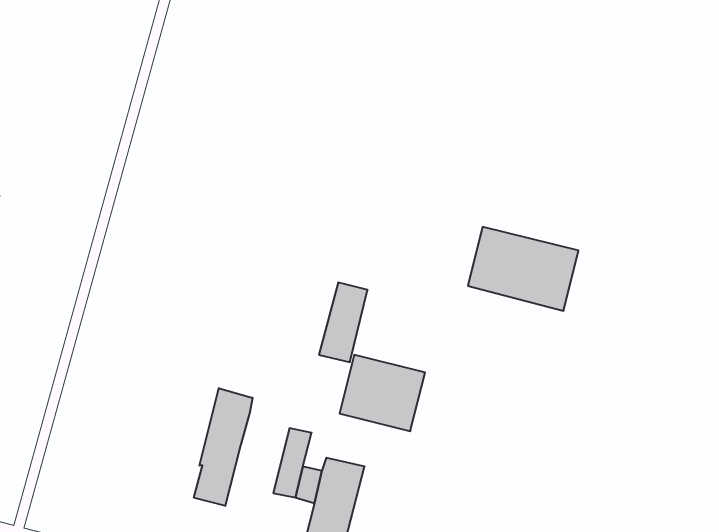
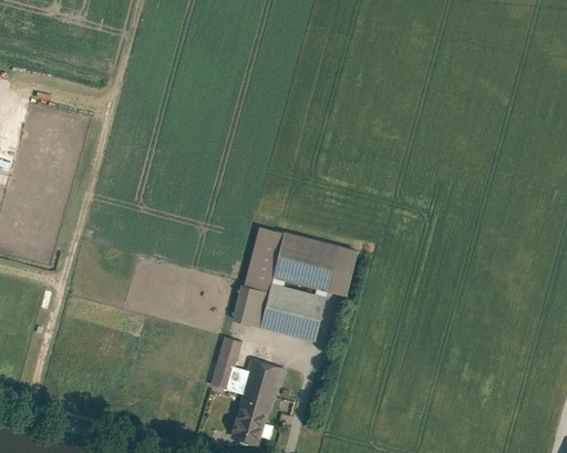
building: [468,227,578,311] -> [274,234,357,297]
building: none -> [233,286,267,328]
building: [194,388,253,506] -> none

